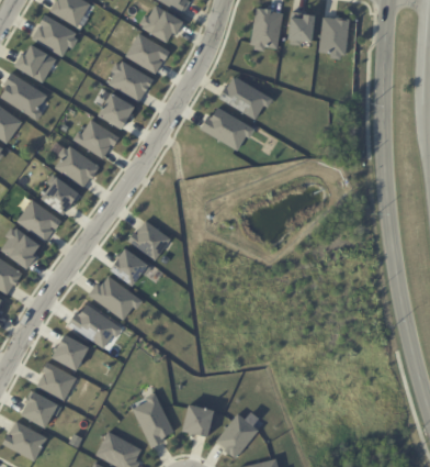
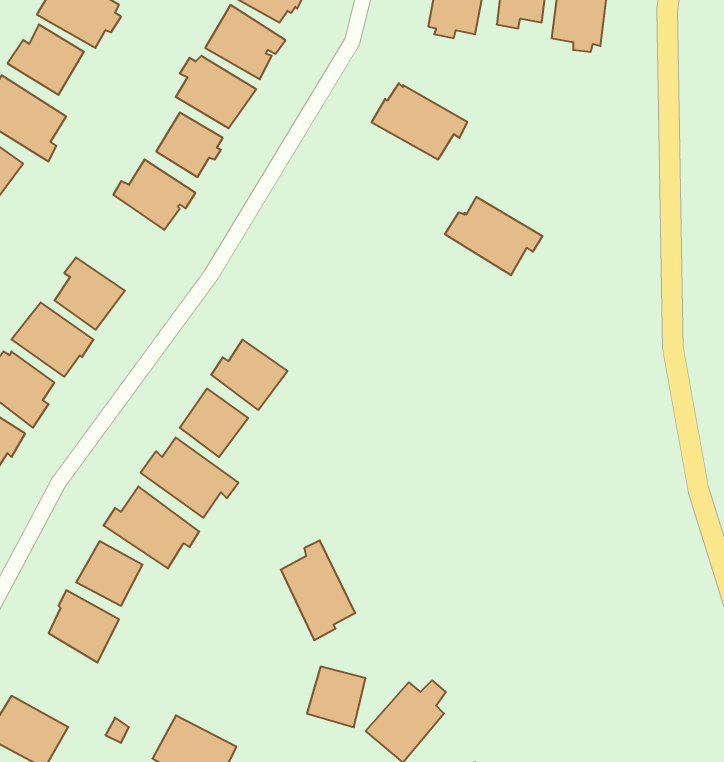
building: [200,107,254,151] -> [445,197,543,275]
building: [55,145,100,188] -> none
building: [21,390,58,427] -> none
building: [133,391,174,447] -> [281,540,355,640]

